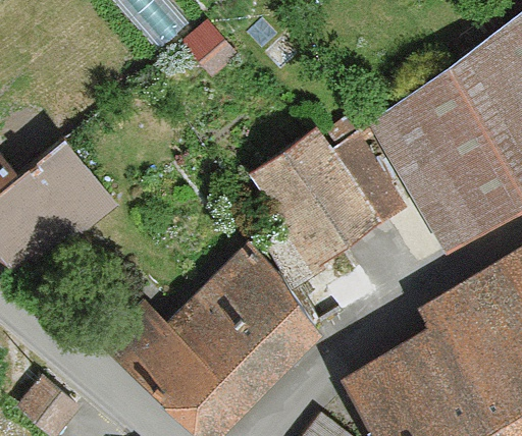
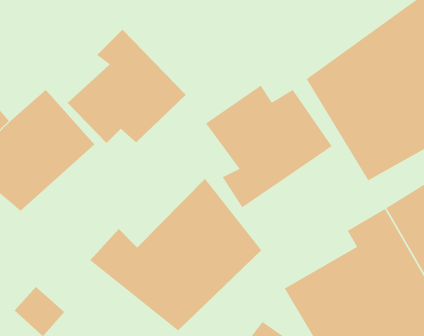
building: none -> [67,29,187,144]

